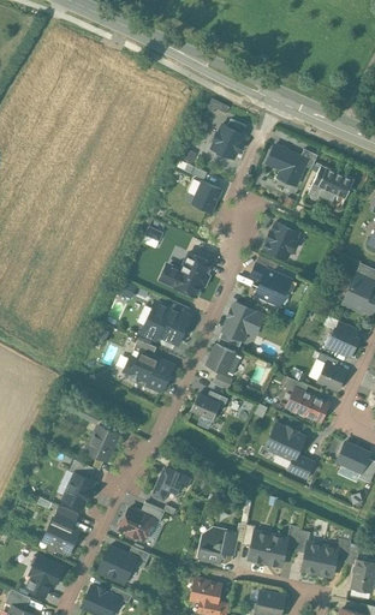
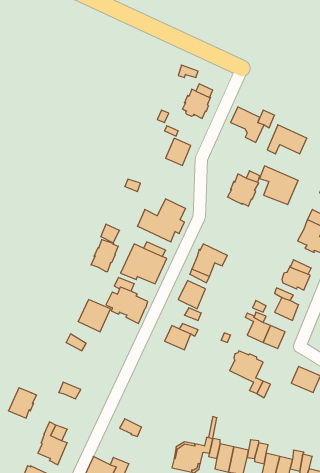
building: [250,263,294,308] -> [259,166,298,205]
building: none -> [91,239,118,272]
building: [84,428,121,465] -> [78,300,111,332]
building: [149,470,191,503] -> none
building: [61,474,94,509] -> [8,388,37,418]
building: [118,509,151,542] -> none

